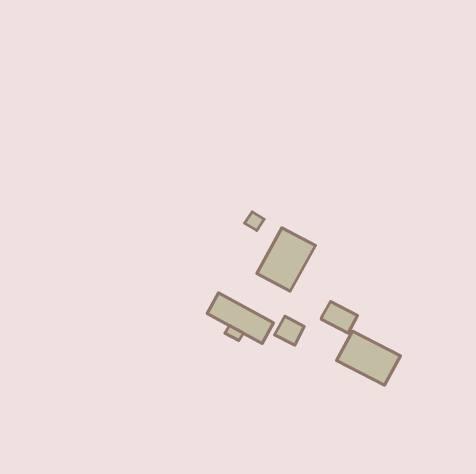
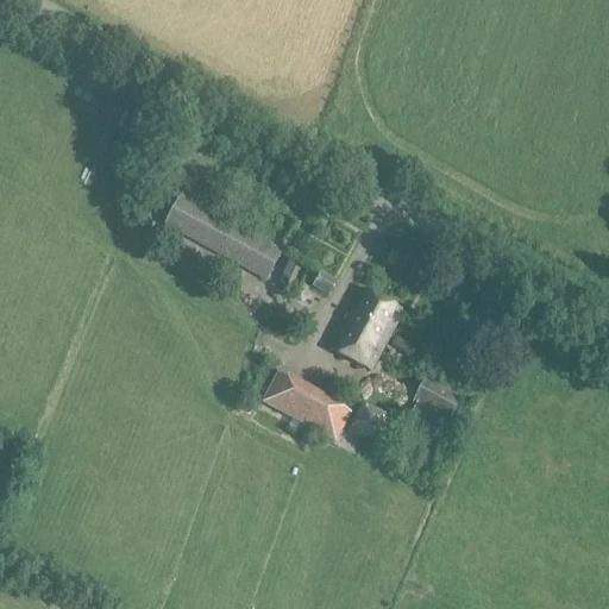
building: none -> [167,195,281,276]
building: [336,331,400,385] -> none

